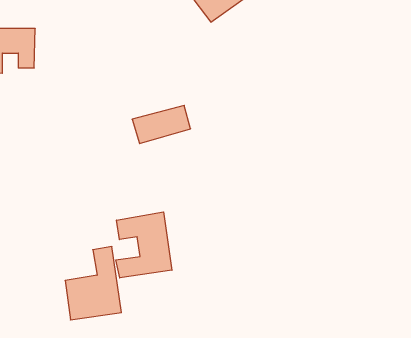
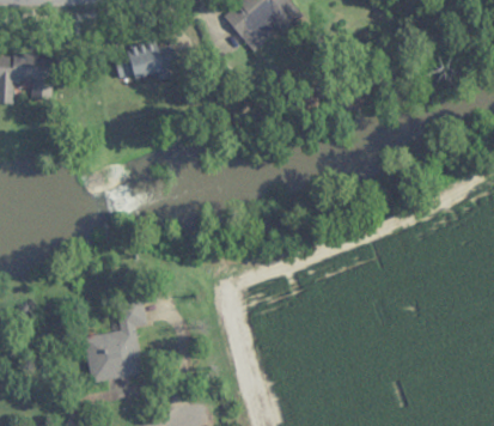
building: [132,105,191,144] -> [112,39,178,83]
building: [116,212,172,278] -> none

